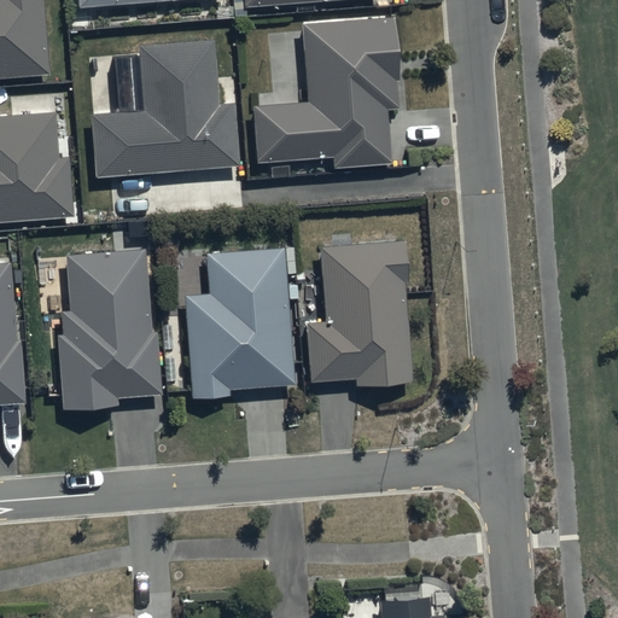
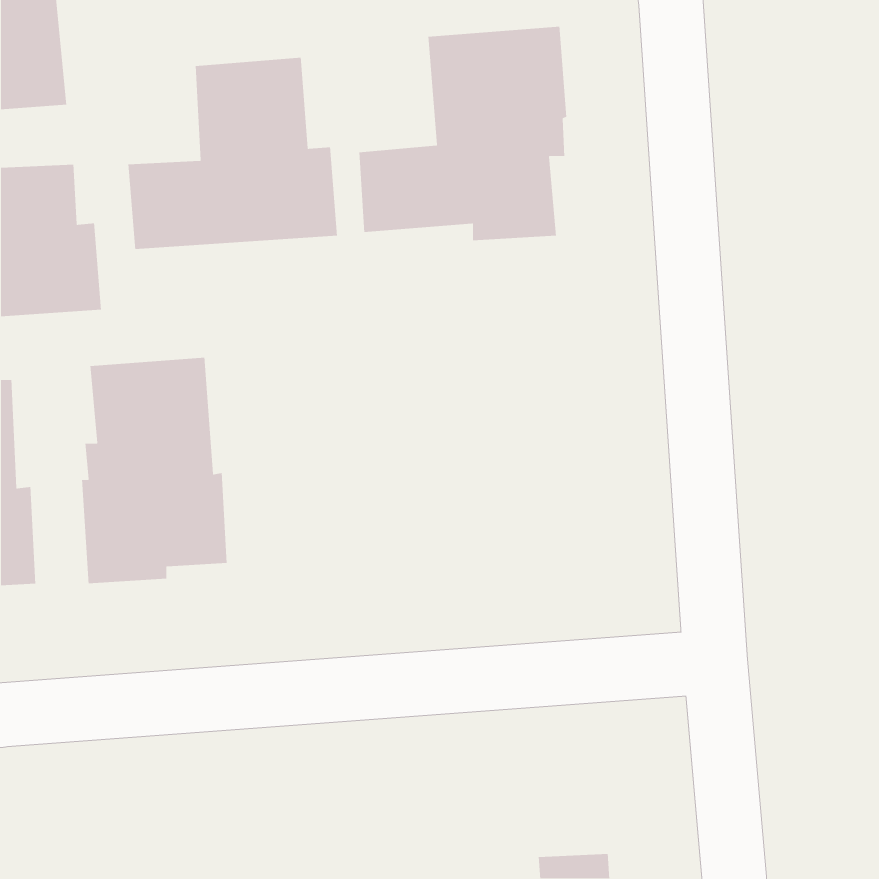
building: [183,244,298,398] -> none
building: [305,244,412,387] -> none

